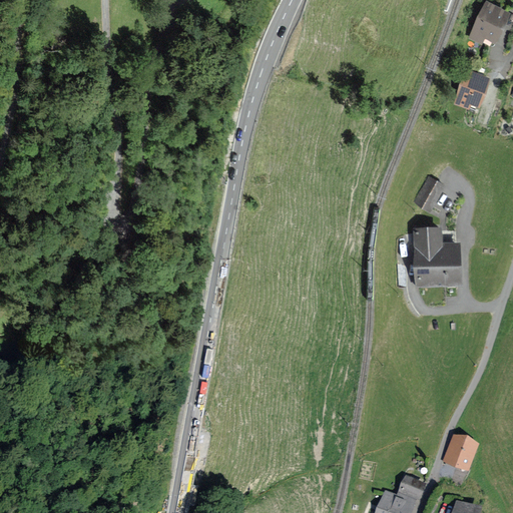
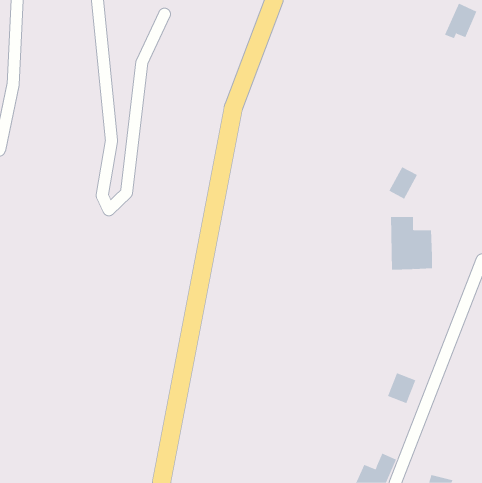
building: [454,72,486,108] -> none
building: [445,436,476,469] -> [387,373,416,404]

